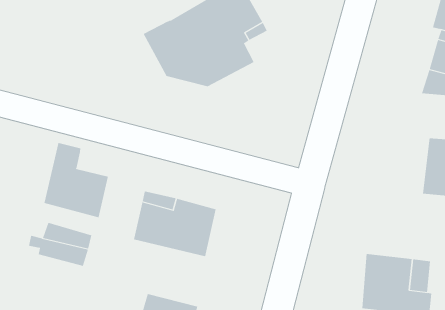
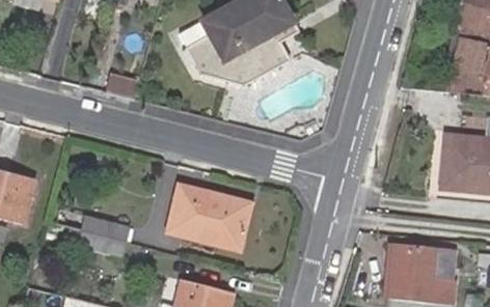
building: [44,142,108,218] -> none

